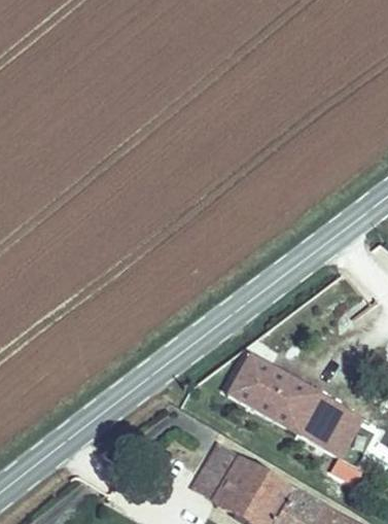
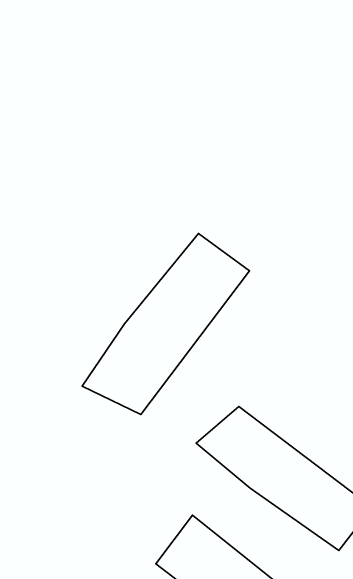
building: none -> [82,233,250,415]

